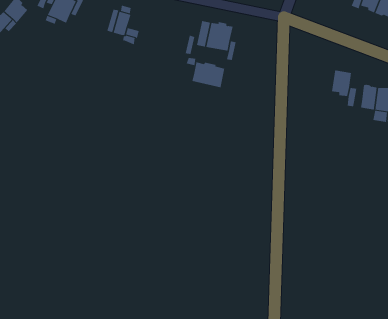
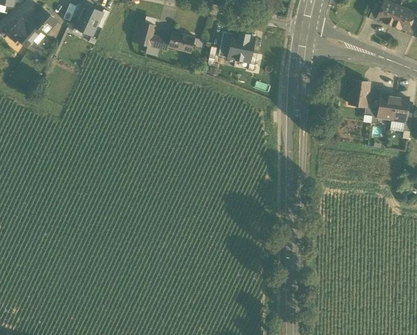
building: none -> [167,31,194,52]
building: [192,62,225,88] -> none

